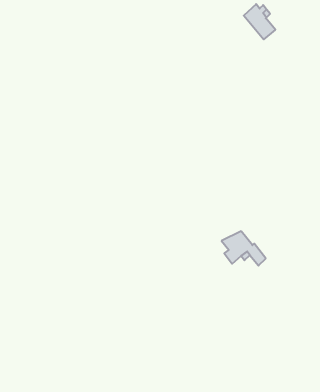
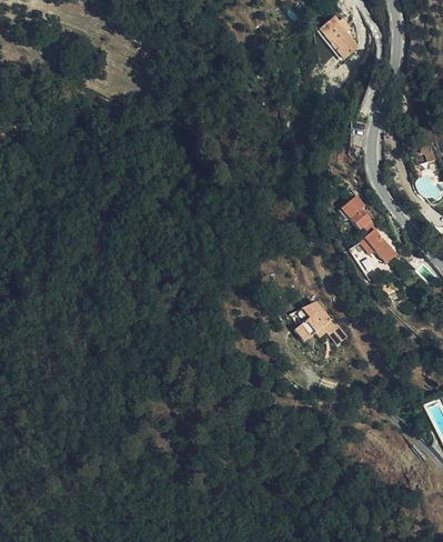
building: none -> [349,208,395,262]

